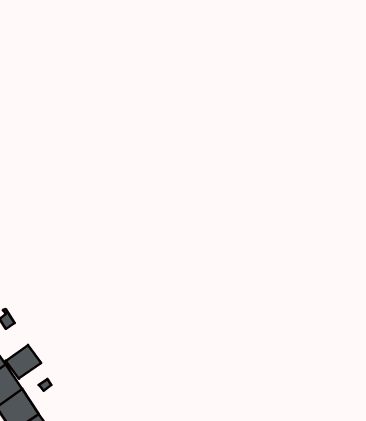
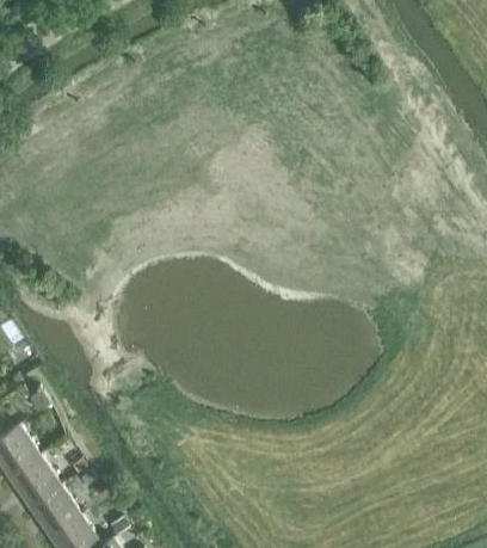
building: [6,345,41,379] -> none

